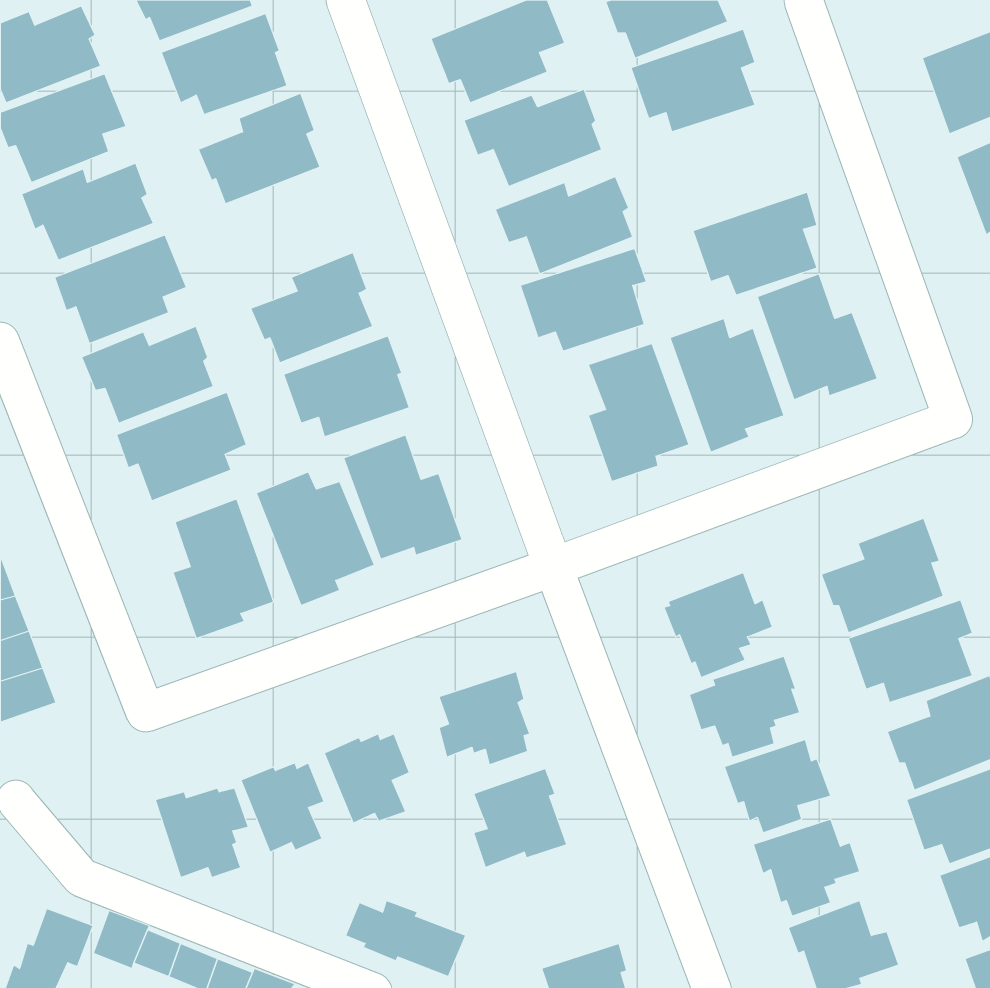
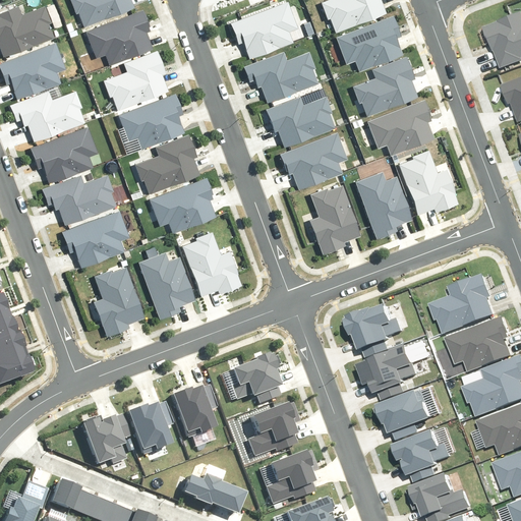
building: none -> [350,55,415,115]
building: none -> [118,92,184,146]
building: none -> [265,452,314,503]

